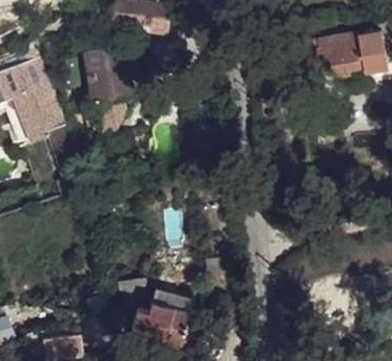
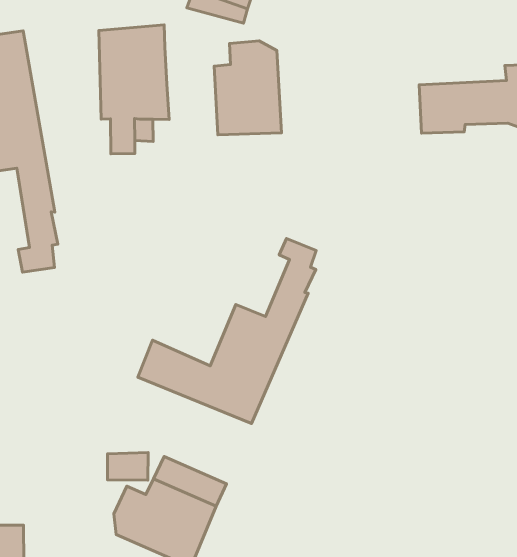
building: none -> [214,41,281,135]
building: none -> [138,238,316,424]

